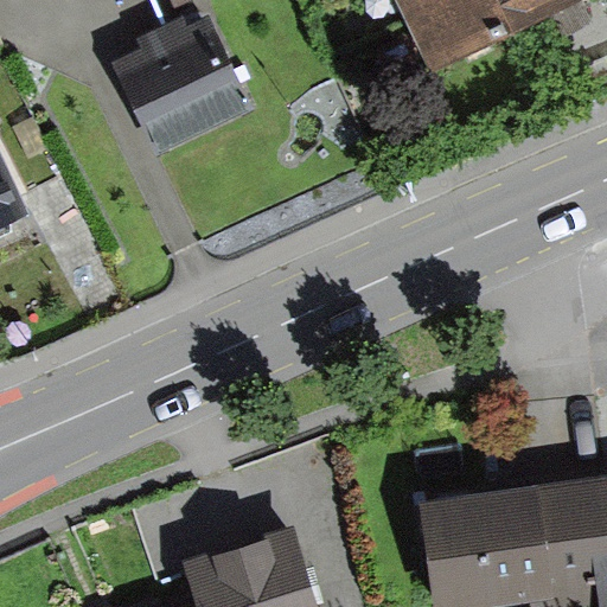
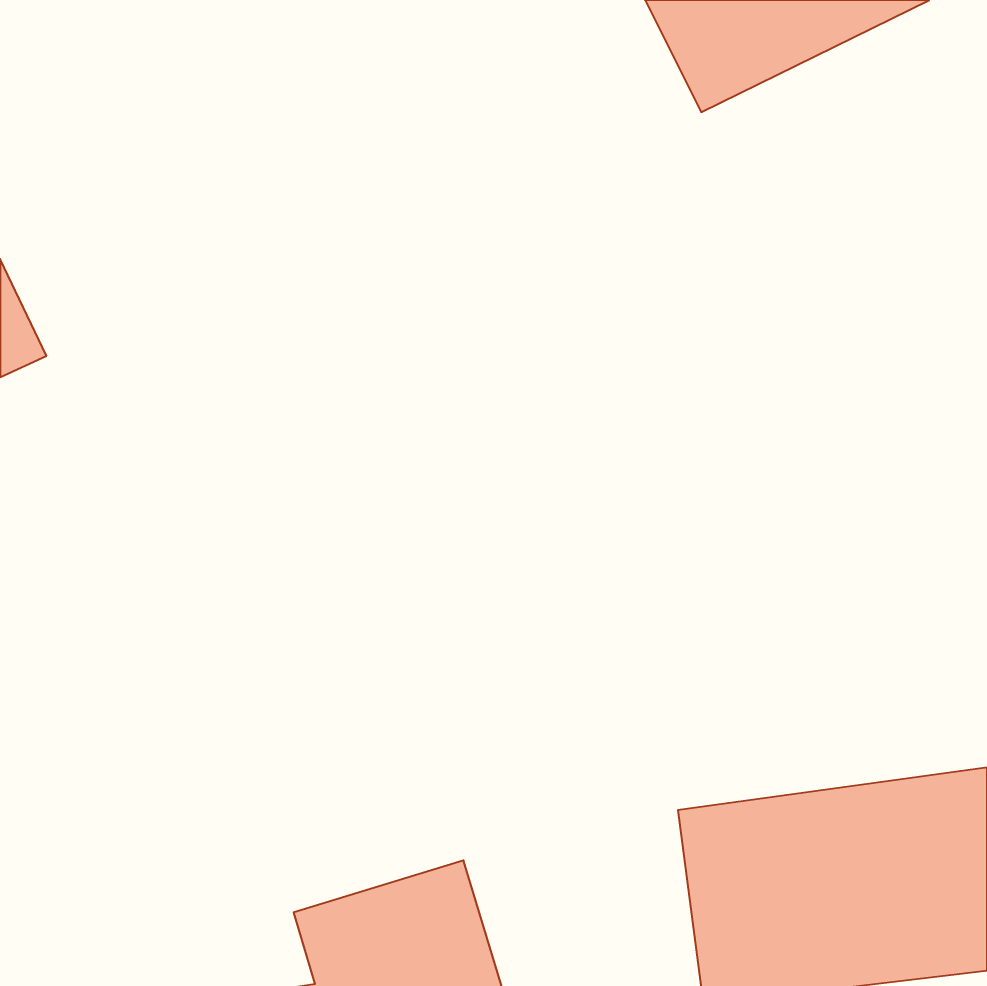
building: [116,17,257,156] -> none

